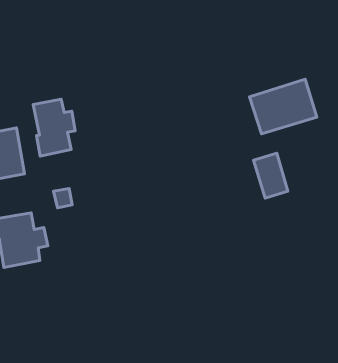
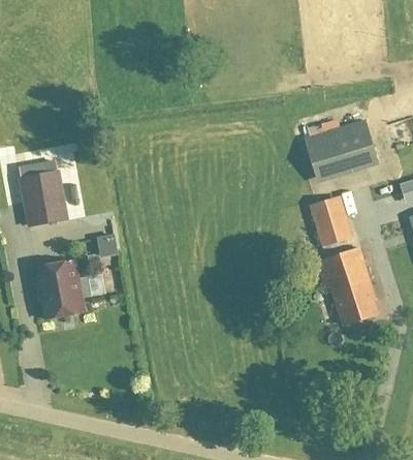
building: [33,99,75,156] -> none
building: none -> [317,247,377,324]

